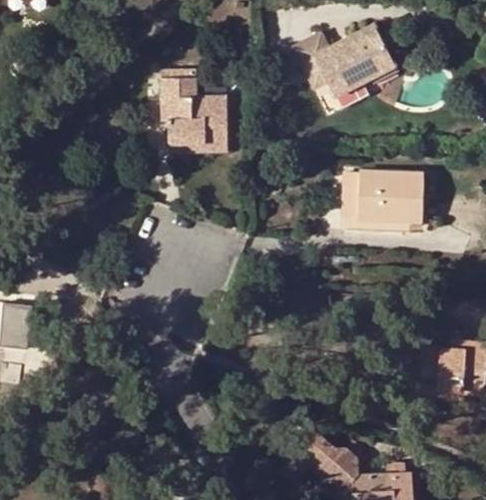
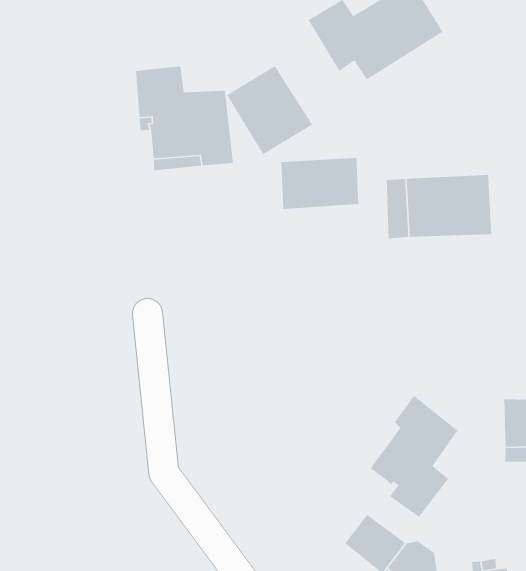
building: none -> [226,65,313,155]
building: none -> [281,157,359,210]
building: none -> [369,395,459,518]

